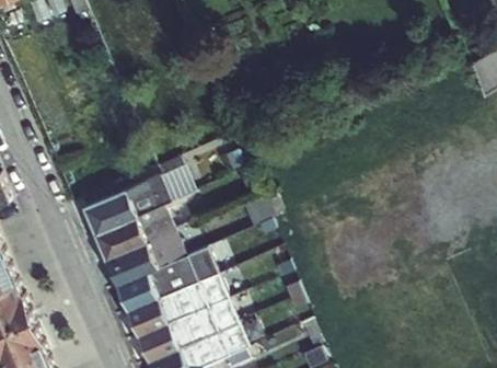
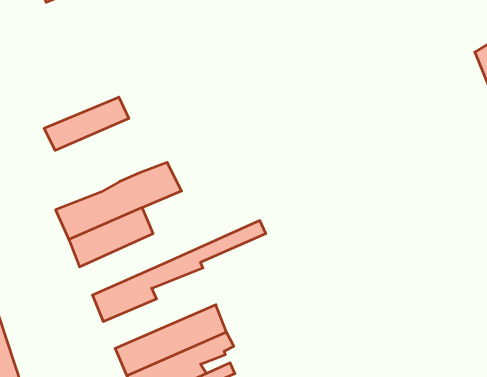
building: none -> [44,97,129,150]
building: [103,231,184,288] -> none
building: [125,245,285,337] -> none

